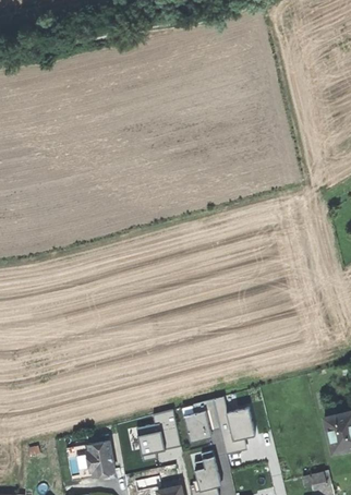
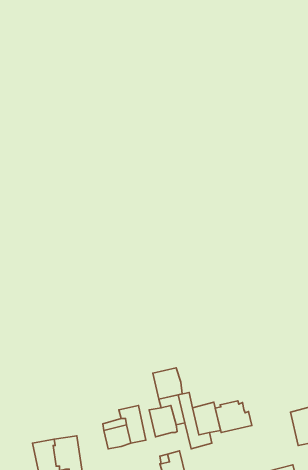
building: none -> [153,368,182,399]
building: none -> [215,401,252,433]

